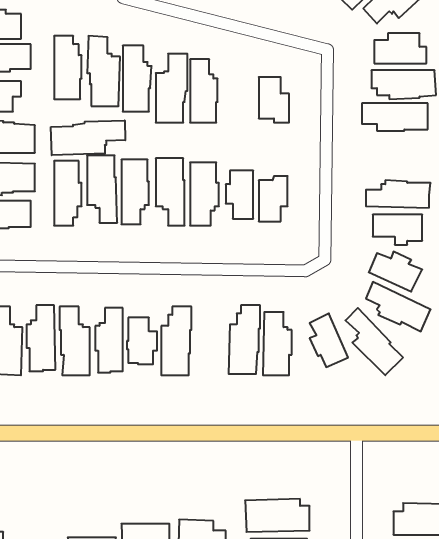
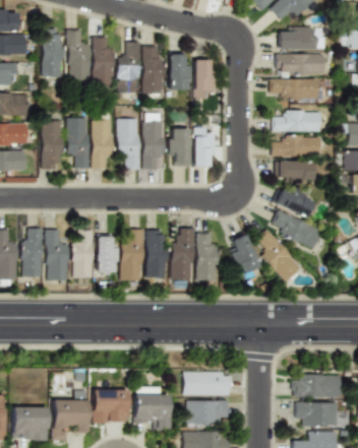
building: none -> [169,55,190,89]
building: [51,120,125,155] -> none
building: none -> [272,110,320,131]
building: none -> [146,230,168,276]

